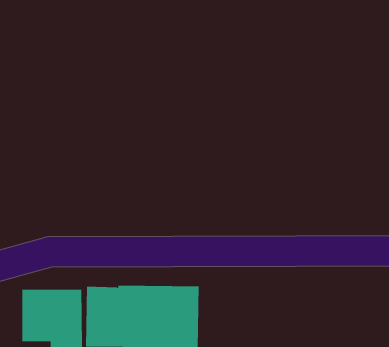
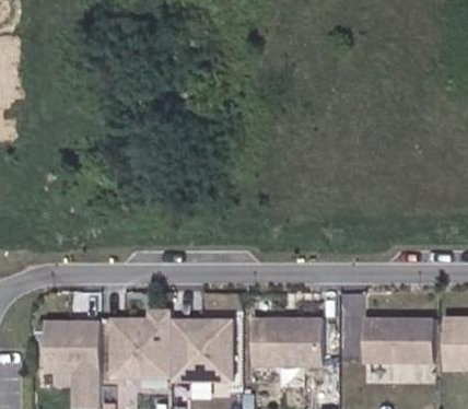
building: none -> [253,316,324,367]
building: none -> [361,317,432,369]

